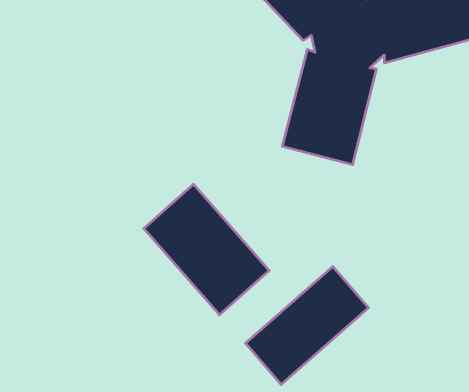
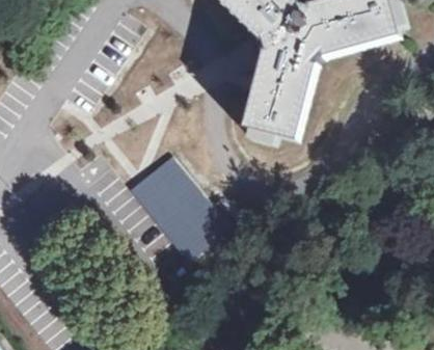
building: [246,267,368,385] -> none

